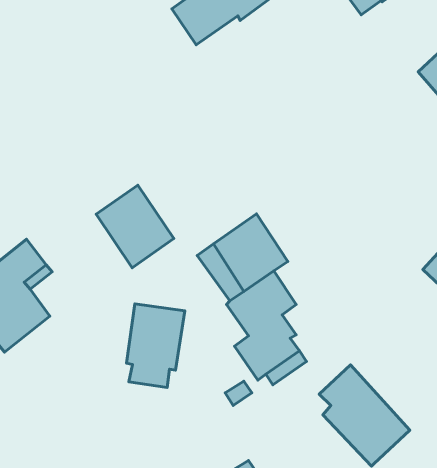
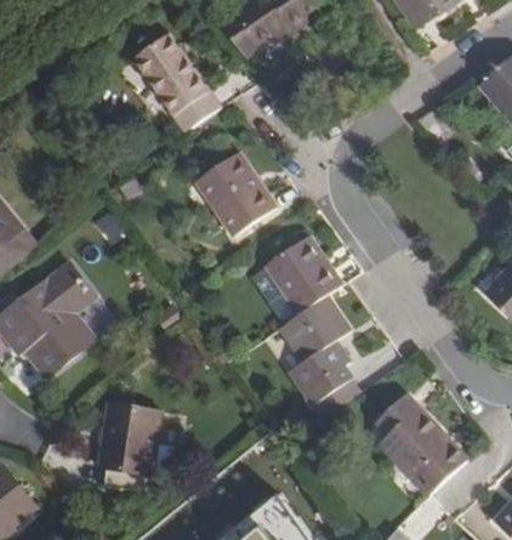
building: none -> [133,32,222,132]
building: [96,185,174,268] -> [195,149,277,235]
building: [127,304,185,388] -> [99,404,160,491]

